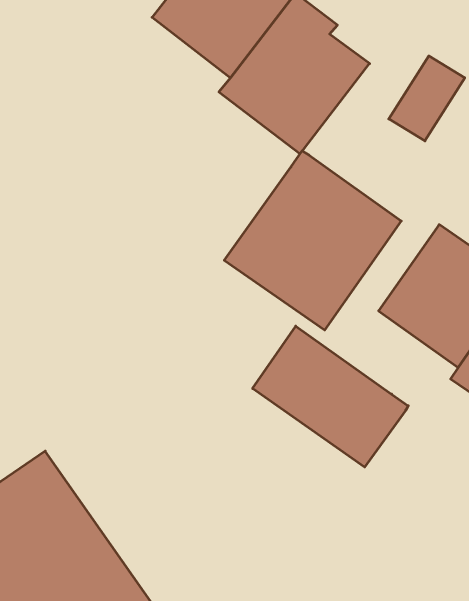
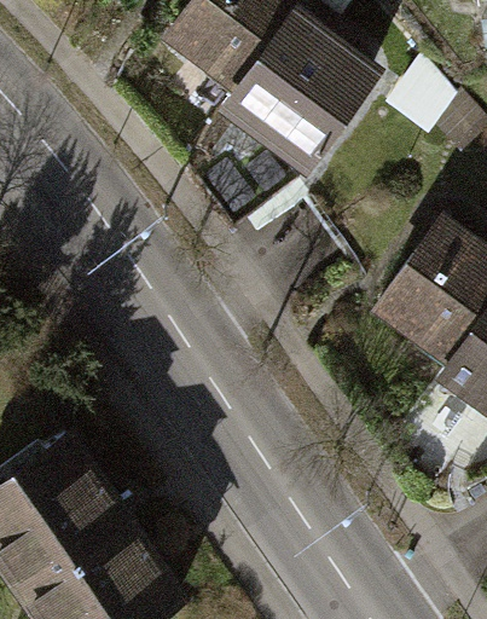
building: [224,151,401,330] -> none
building: [253,326,408,467] -> none

